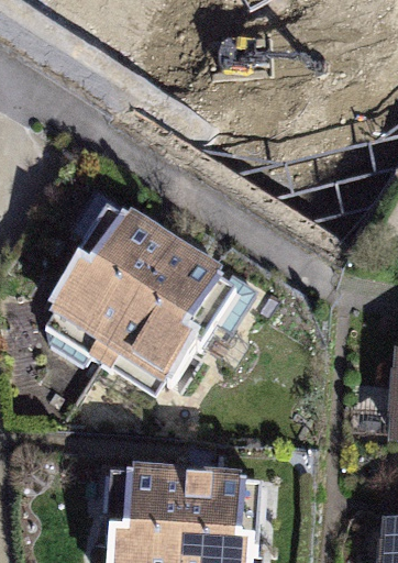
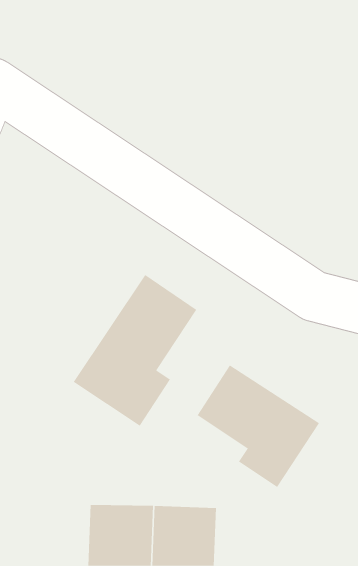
building: [38,230,173,367] -> none
building: none -> [197,364,320,488]

